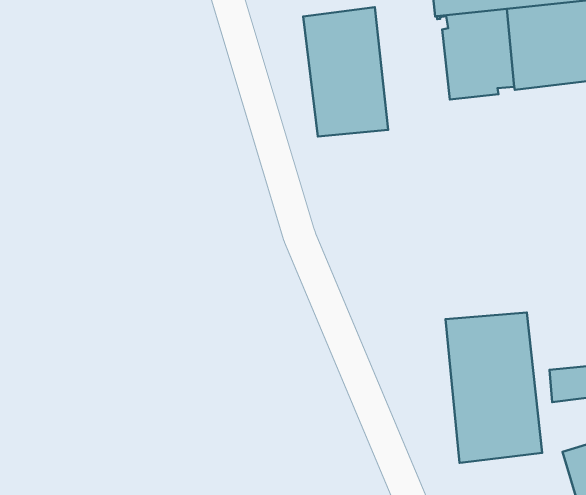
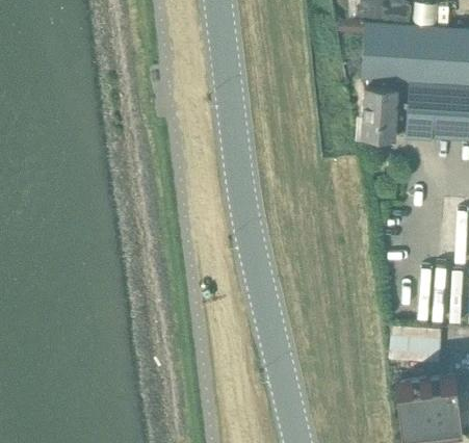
building: [303,7,388,136] -> none
building: [446,312,542,463] -> none

